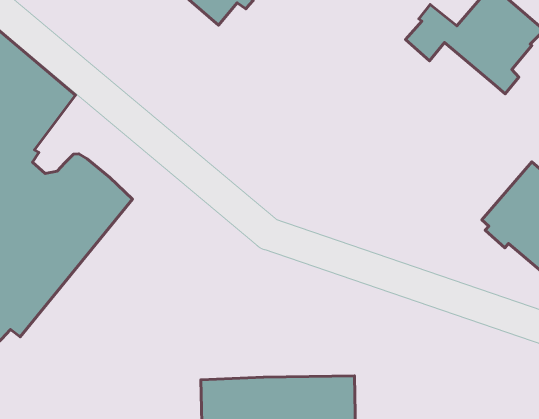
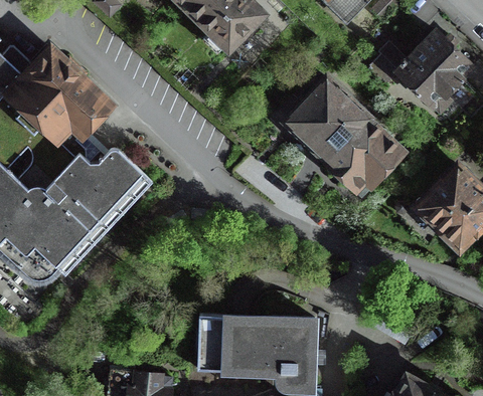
building: none -> [285,79,401,195]

